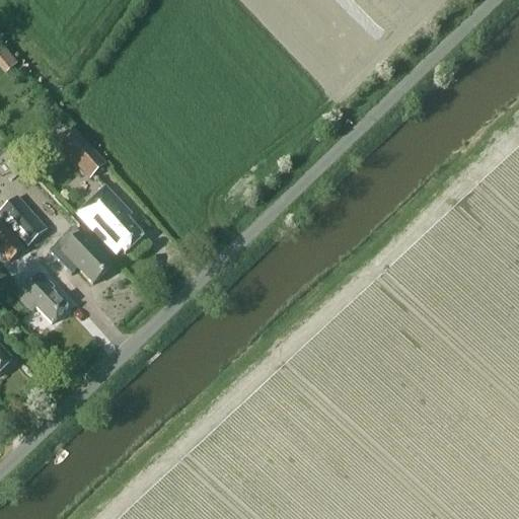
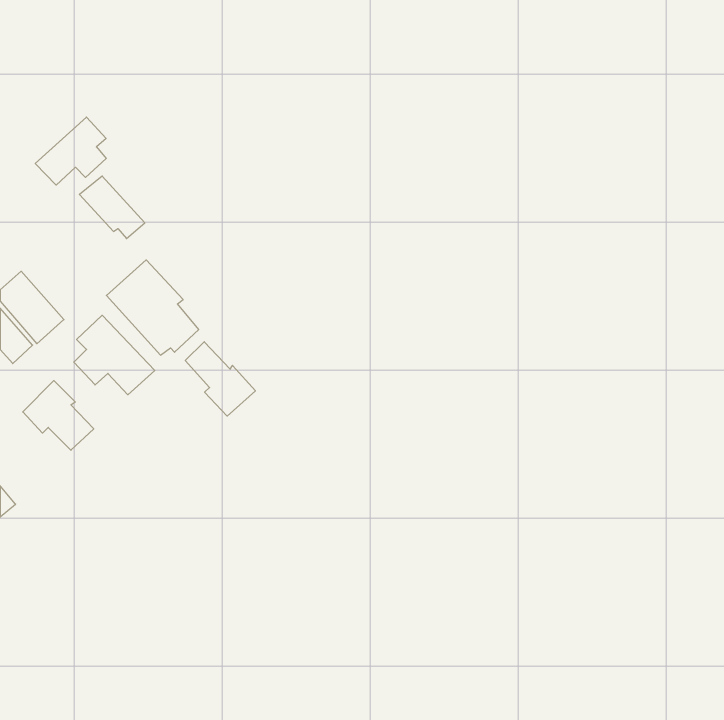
building: none -> [35,117,106,185]
building: none -> [185,342,255,416]

